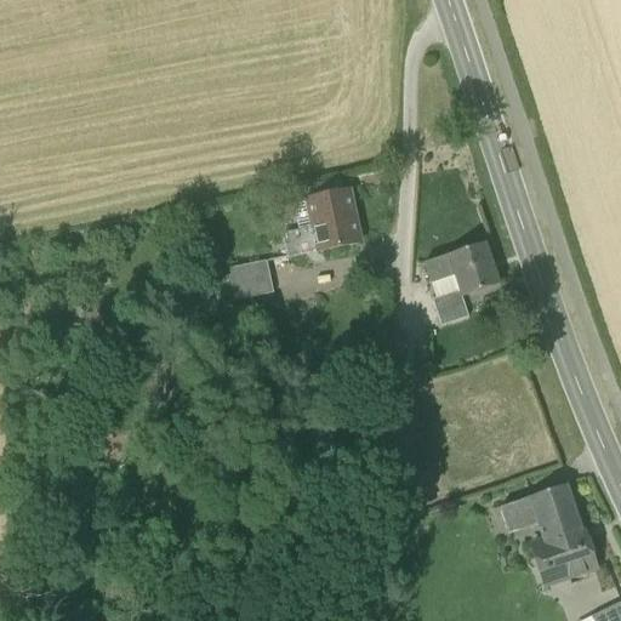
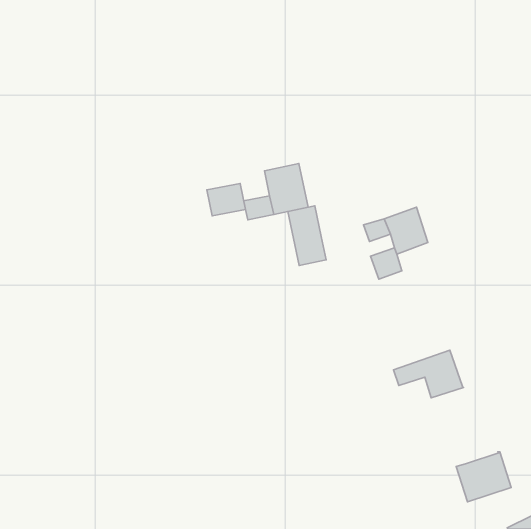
building: none -> [288,206,326,265]
building: [229,258,274,296] -> [207,184,245,216]
building: [501,484,582,540] -> [394,350,463,398]

